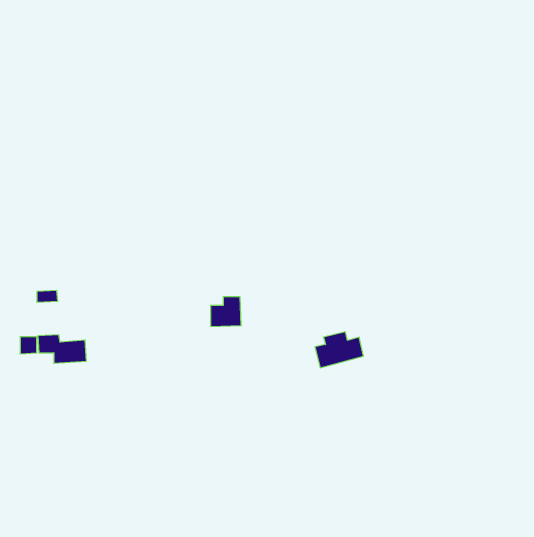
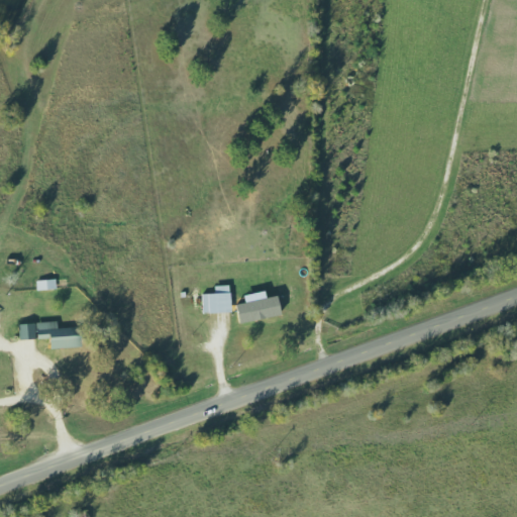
building: [315,332,363,368] -> [236,290,283,324]

